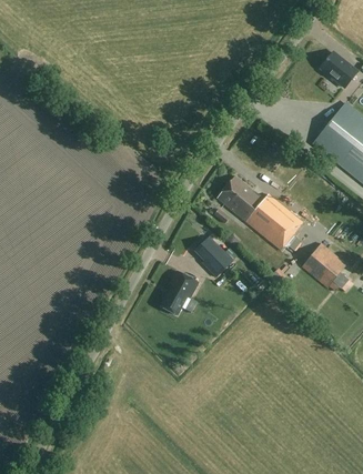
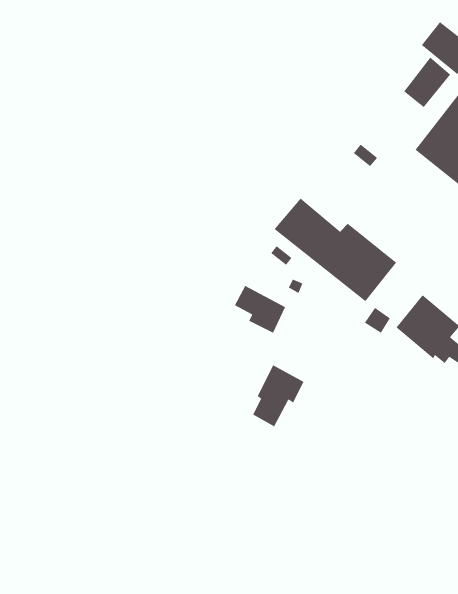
building: none -> [403,56,451,108]
building: [162,269,199,313] -> [252,364,305,428]

